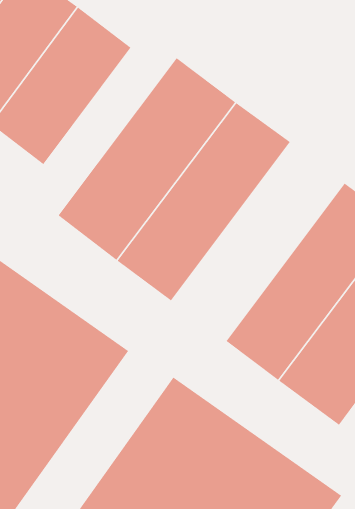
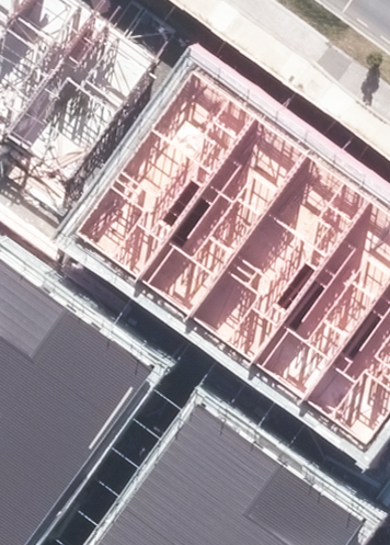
building: none -> [195,157,372,361]

